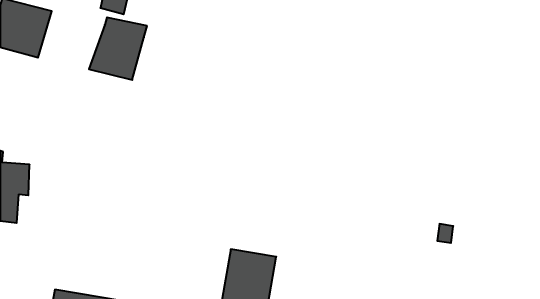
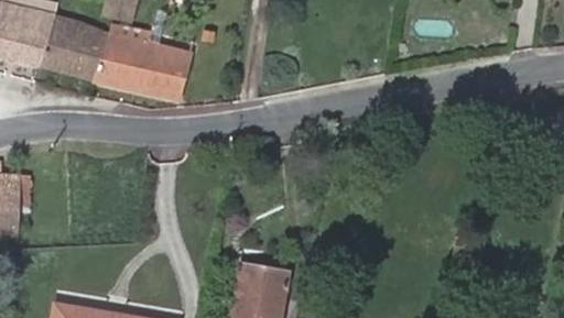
building: none -> [41,17,110,77]
building: none -> [139,44,191,98]

